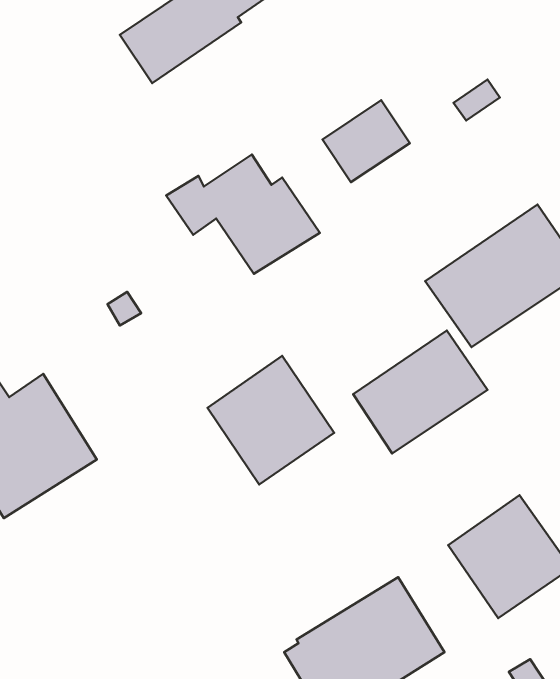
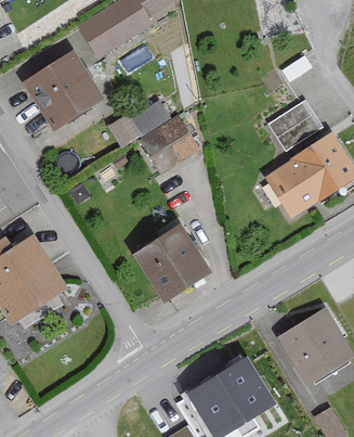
building: none -> [22,50,104,131]
building: [322,100,410,182] -> [270,100,323,150]
building: [353,330,488,454] -> none

